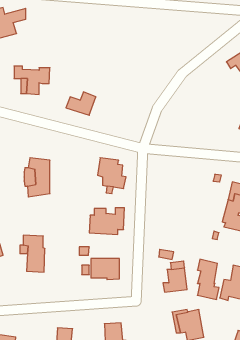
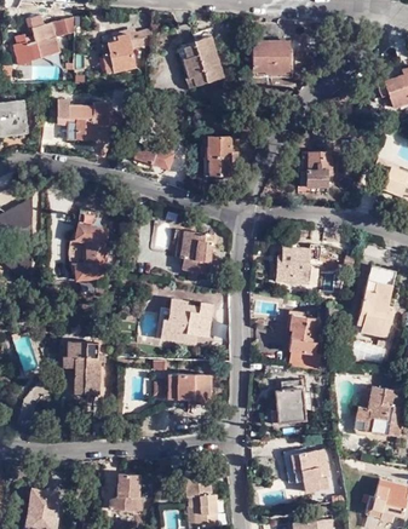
building: none -> [100,27,151,71]
building: none -> [184,34,223,84]
building: none -> [251,40,291,70]
building: none -> [206,138,234,176]
building: none -> [304,149,331,185]
building: none -> [278,248,326,284]
building: [197,259,219,299] -> [291,316,322,374]

